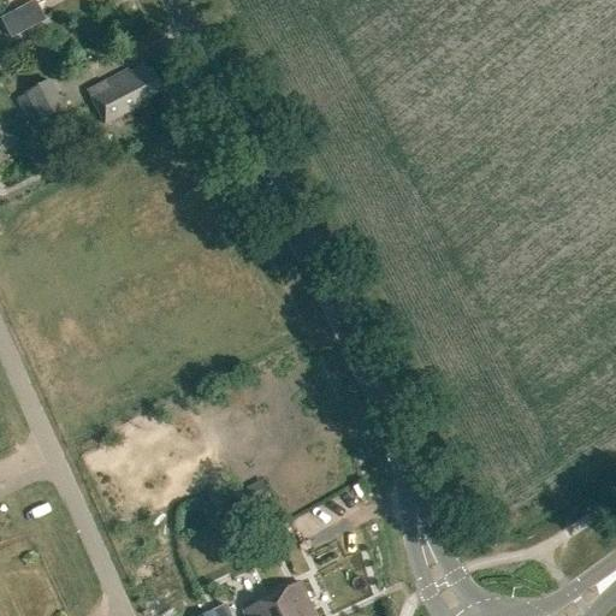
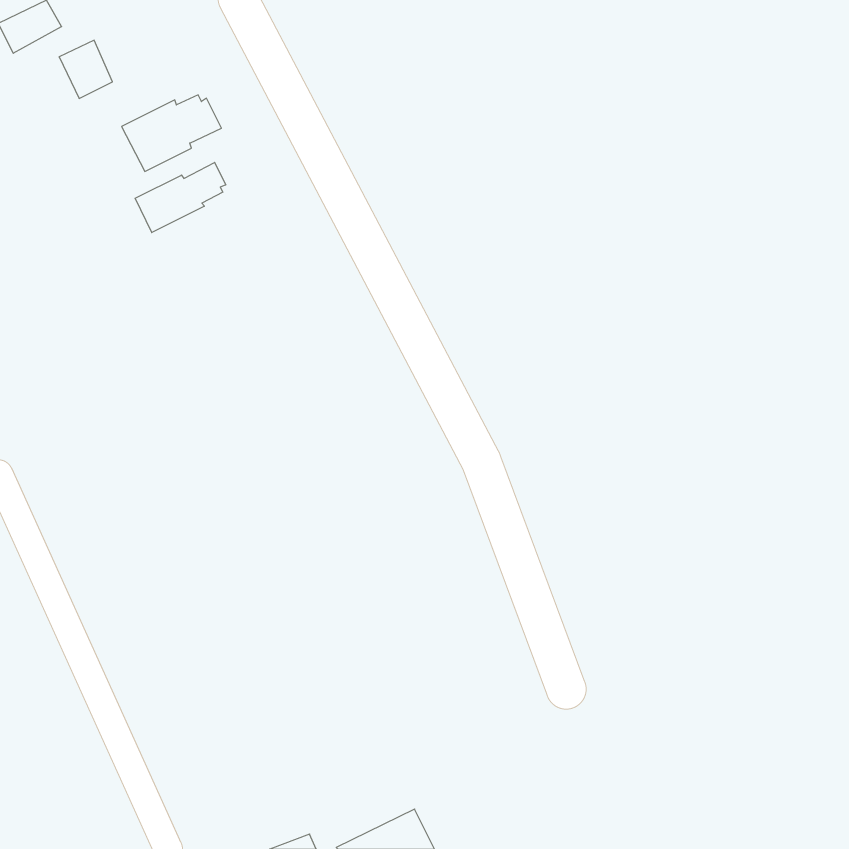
building: [23,81,61,123] -> [59,40,112,98]
building: none -> [135,162,226,233]

